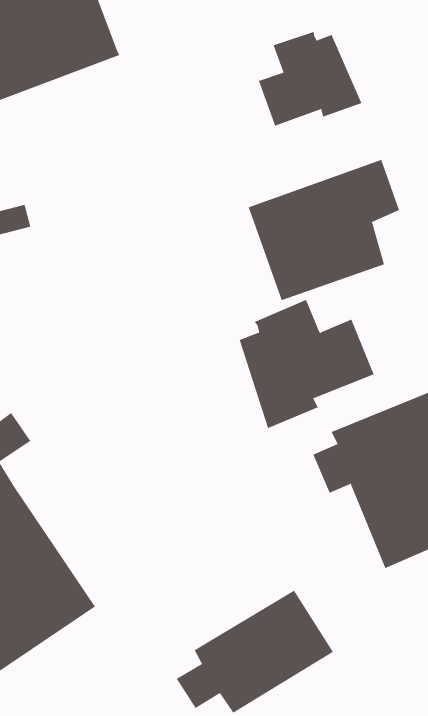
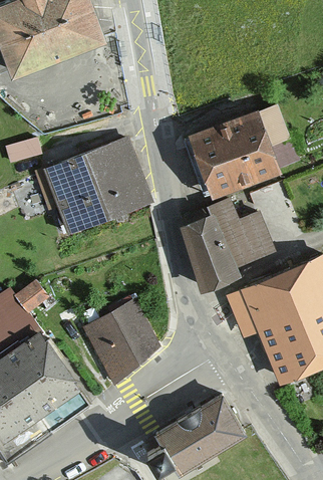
building: [258,31,362,127] -> none
building: none -> [40,141,150,234]
building: none -> [74,296,158,386]

